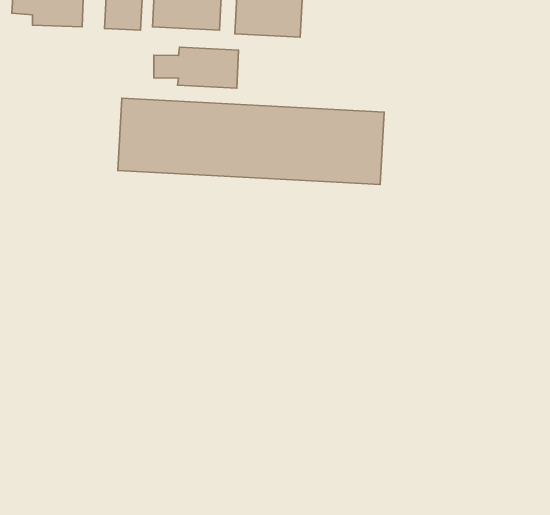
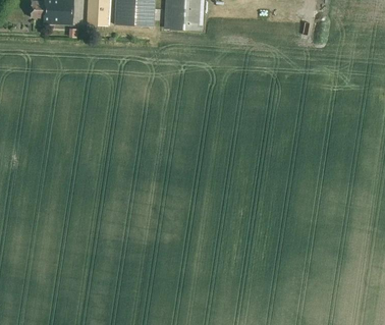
building: [154,47,239,88] -> none
building: [118,98,384,184] -> none

